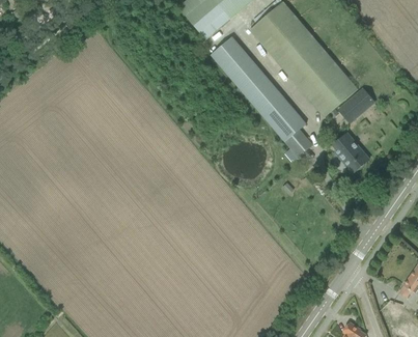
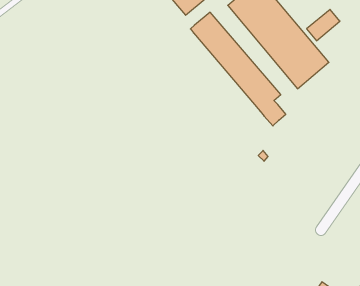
building: [338,89,373,122] -> [307,9,340,41]
building: [333,133,369,171] -> none

